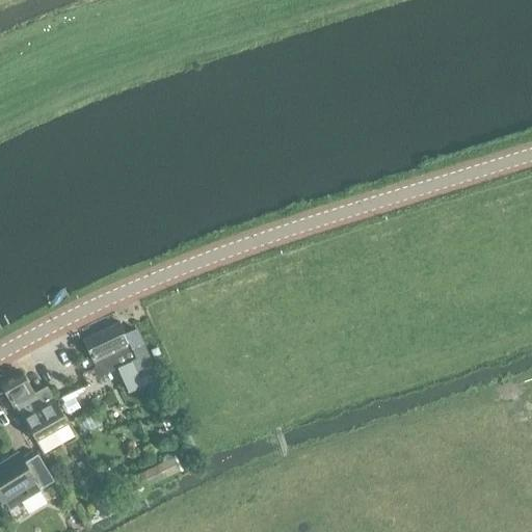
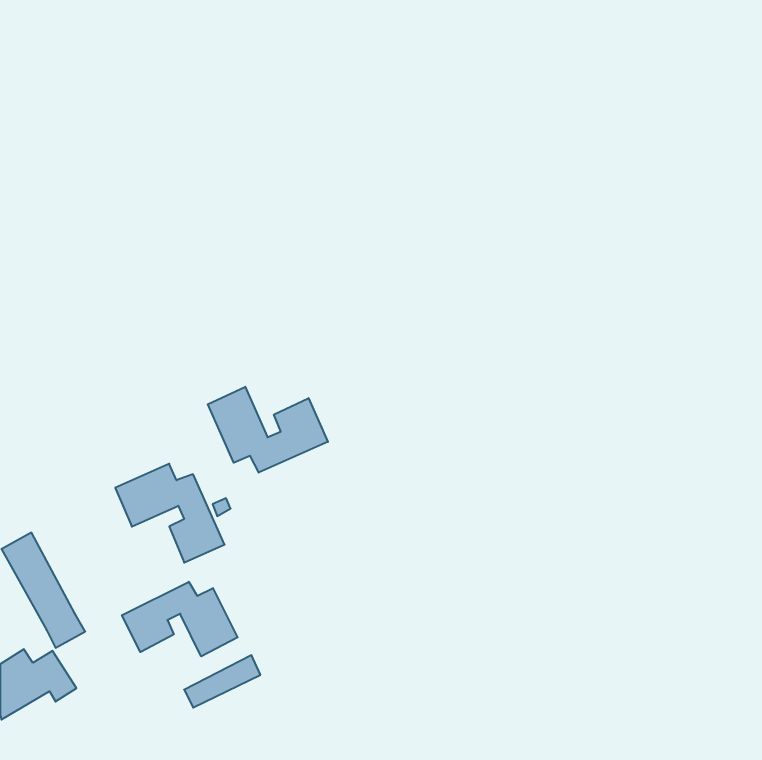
building: none -> [208,387,328,473]
building: none -> [122,582,238,656]

